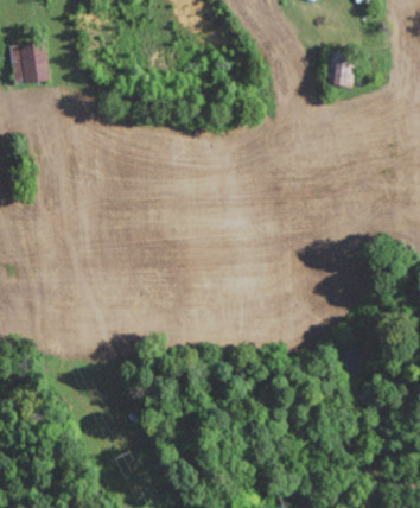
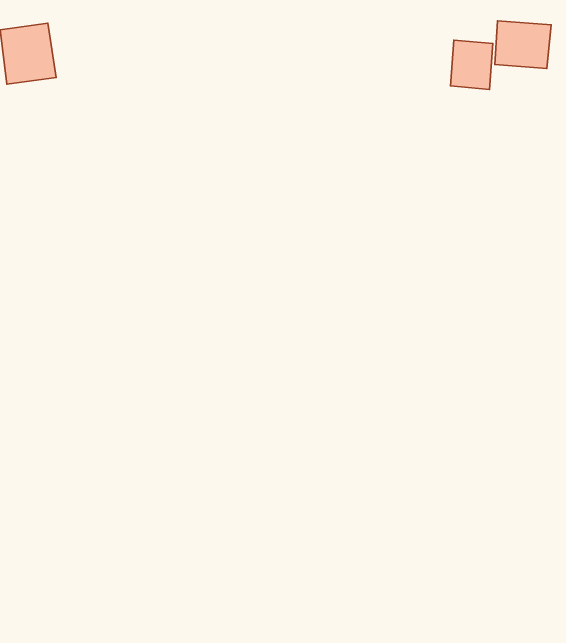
building: none -> [495,21,551,69]

